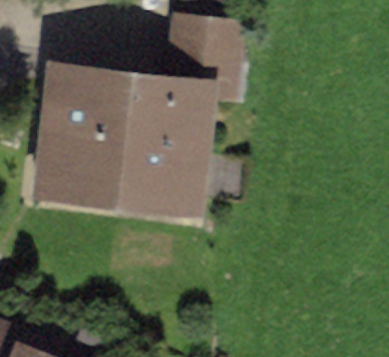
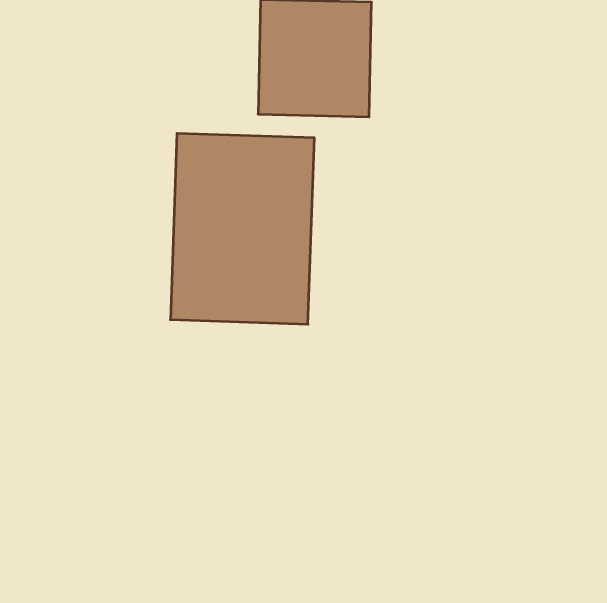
building: [46,74,127,181] -> none

